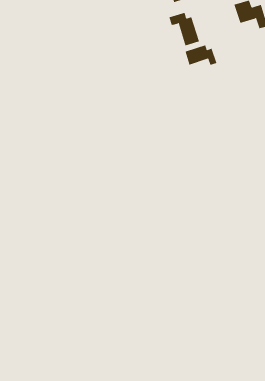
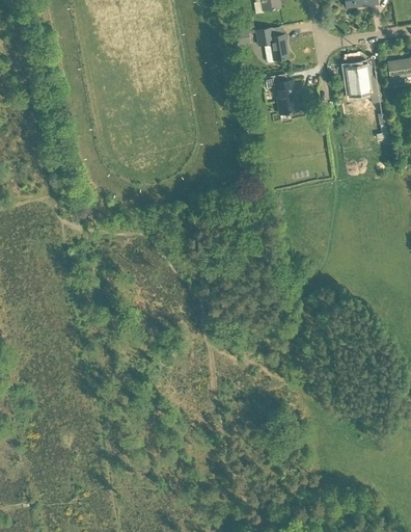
building: [185,45,217,66] -> none

